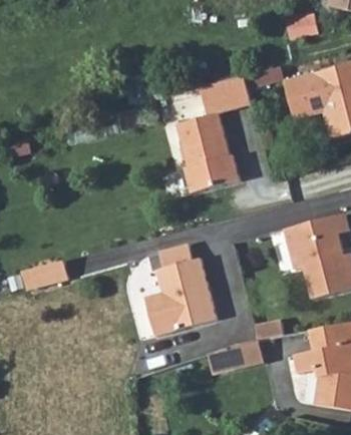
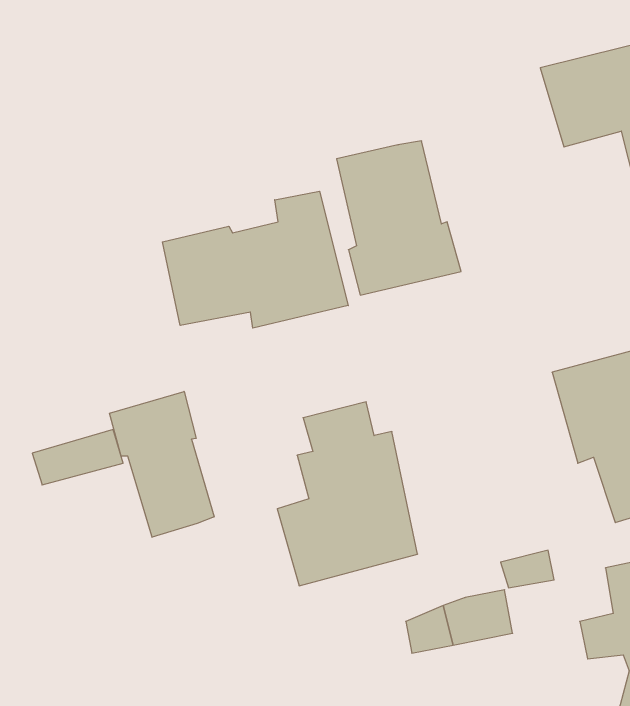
building: [199,75,252,115] -> none
building: none -> [162,191,348,328]
building: none -> [109,391,214,537]

